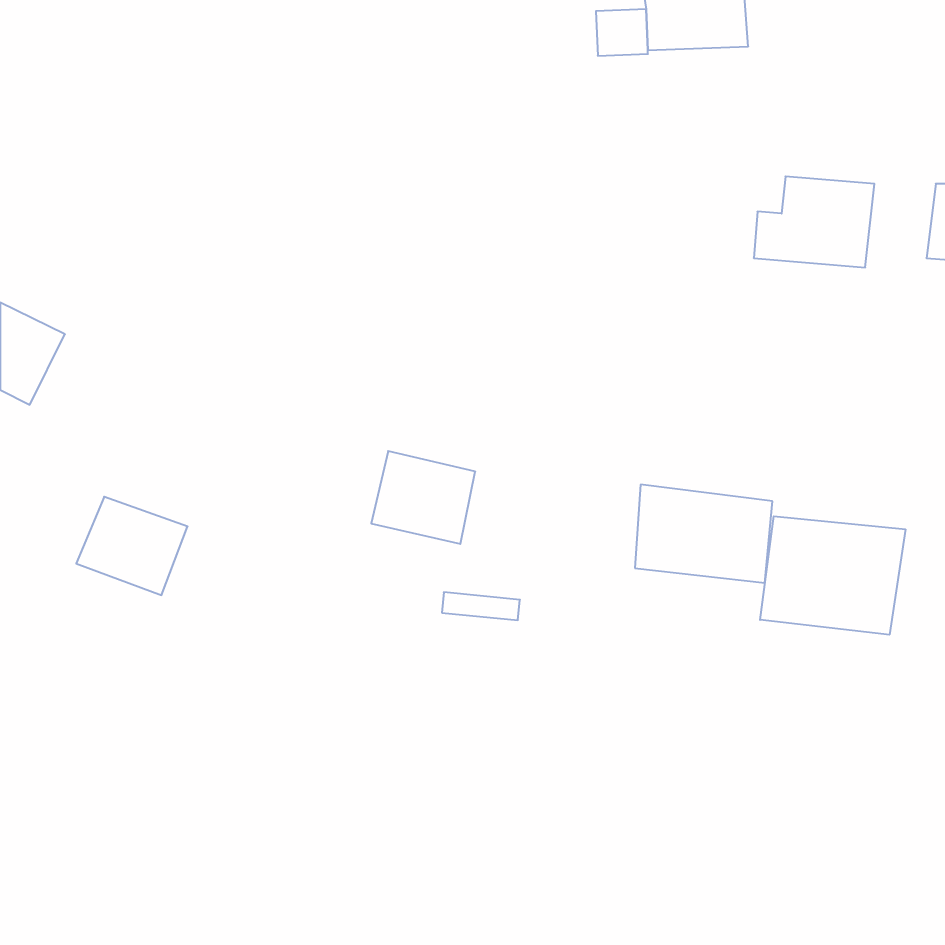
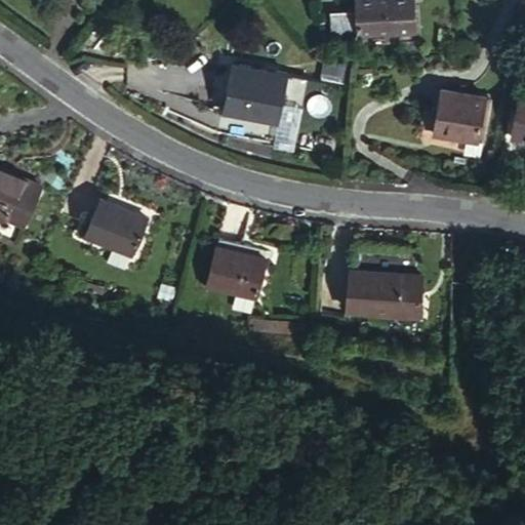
building: none -> [224,58,290,120]
building: [76,497,188,595] -> [84,202,146,256]
building: [760,516,905,635] -> none

